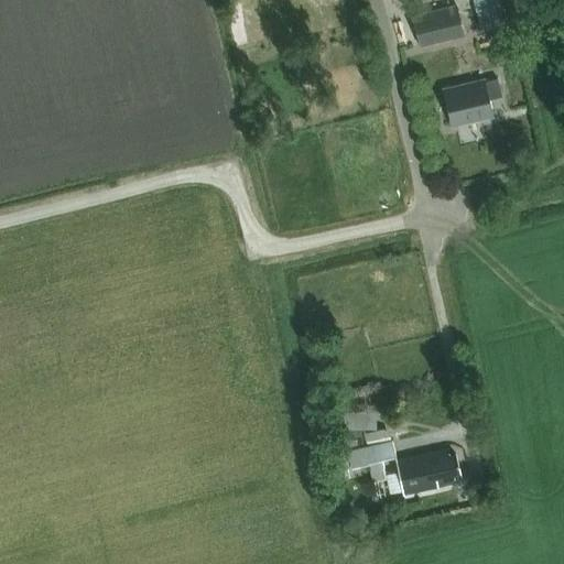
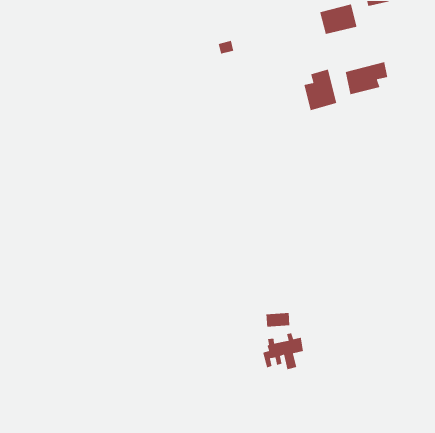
building: none -> [303,69,337,111]
building: [397,447,460,494] -> none

